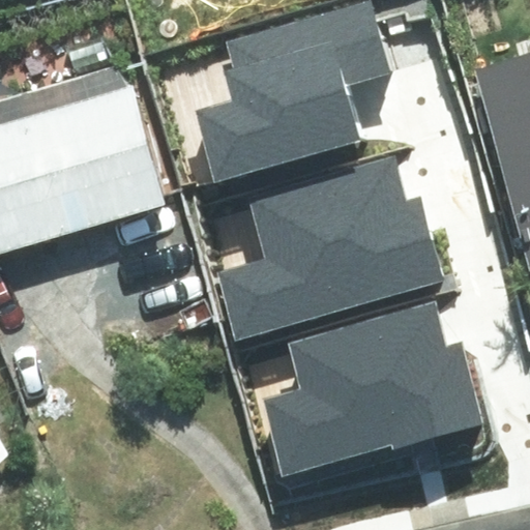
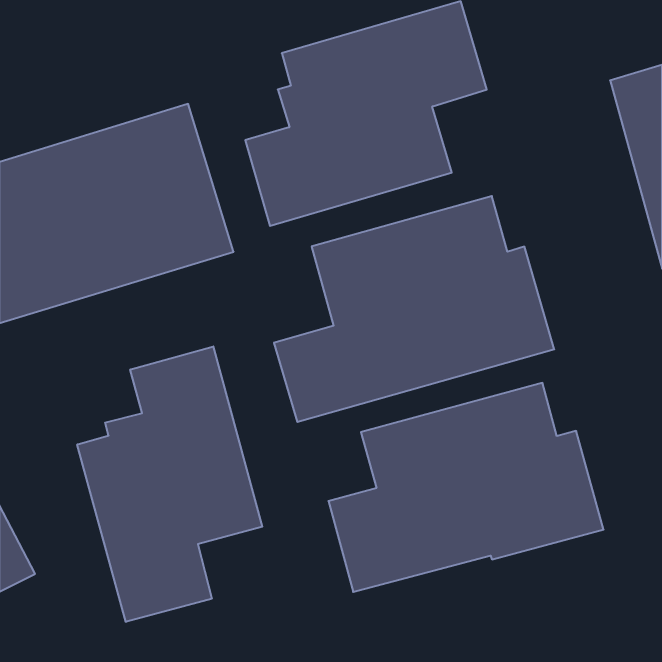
building: none -> [77,346,262,622]

